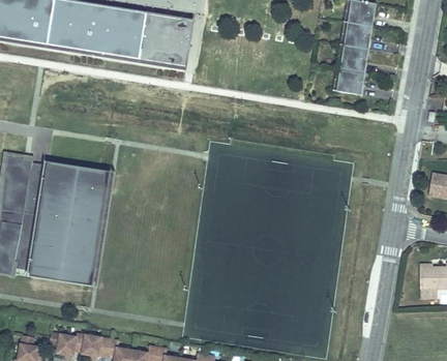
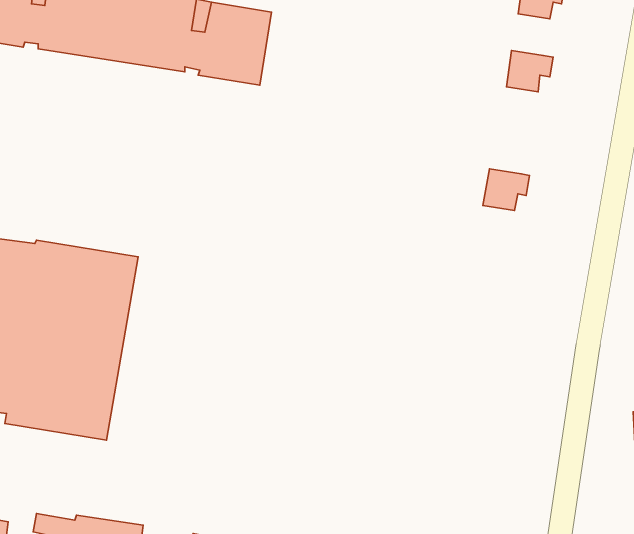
building: [345,22,374,48] -> none
building: [337,67,366,93] -> [483,169,529,210]

